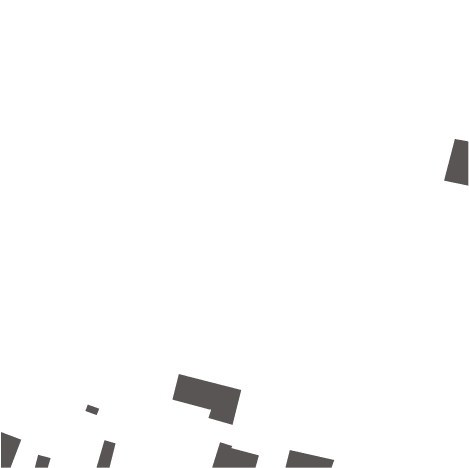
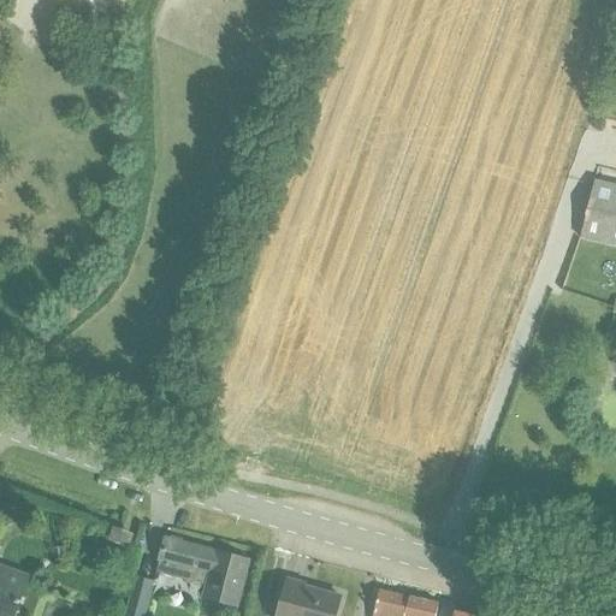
building: [172,373,242,426] -> [156,538,249,606]

